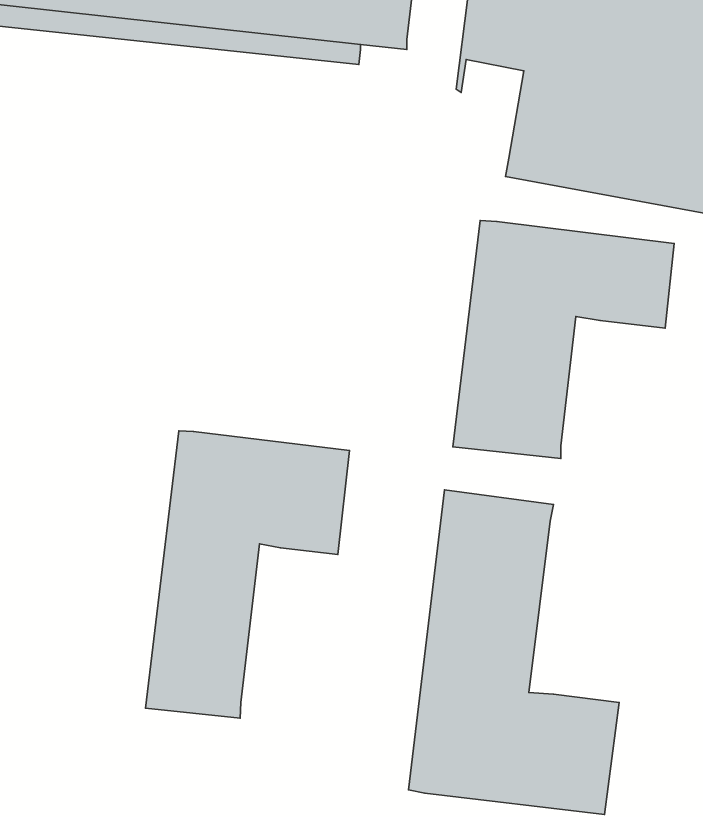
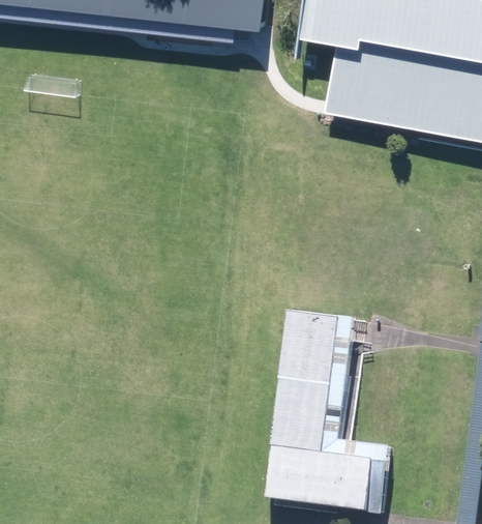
building: [453,221,674,459] -> none
building: [145,431,349,718] -> none

